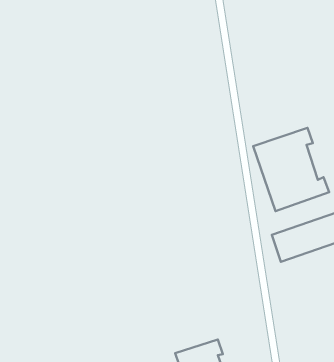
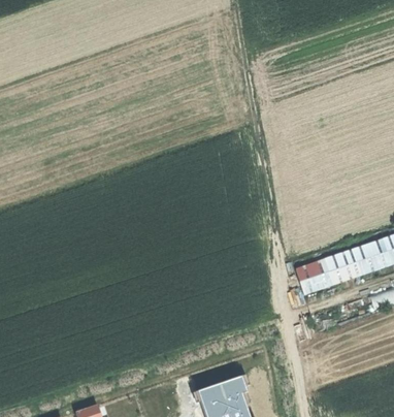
building: [253,128,329,211] -> none

